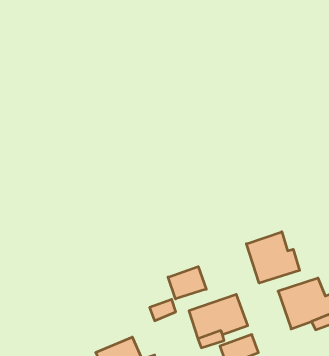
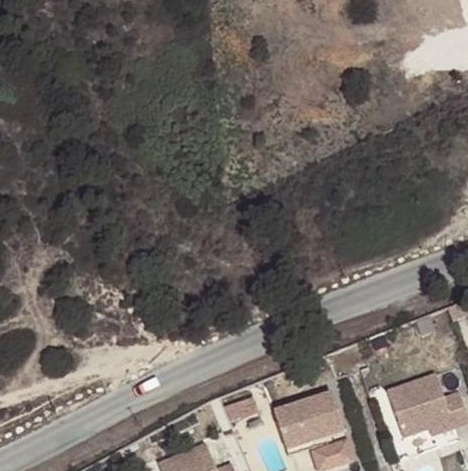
building: [246,232,300,283] -> none
building: [168,267,206,299] -> none

